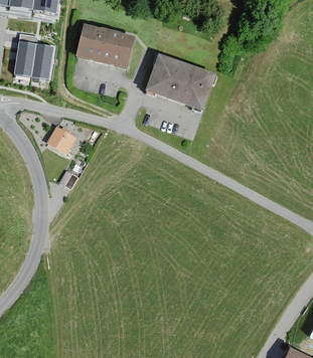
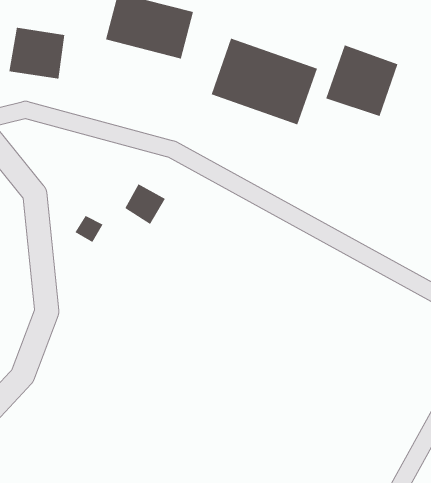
building: none -> [325,44,398,117]
building: [47,125,74,152] -> [124,184,166,225]

